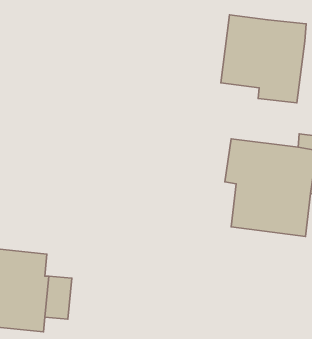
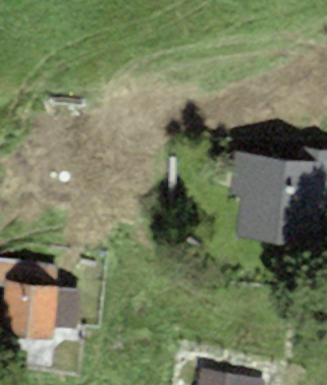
building: [221,15,306,103] -> none

